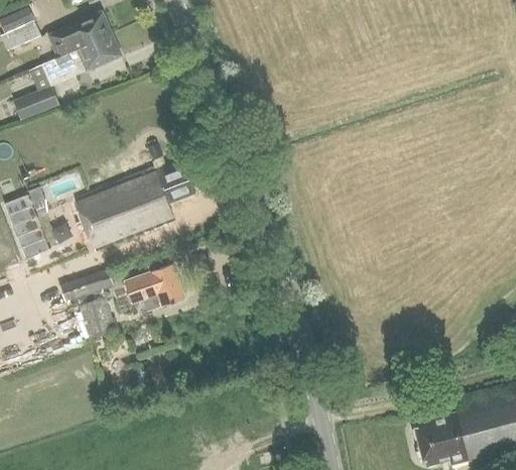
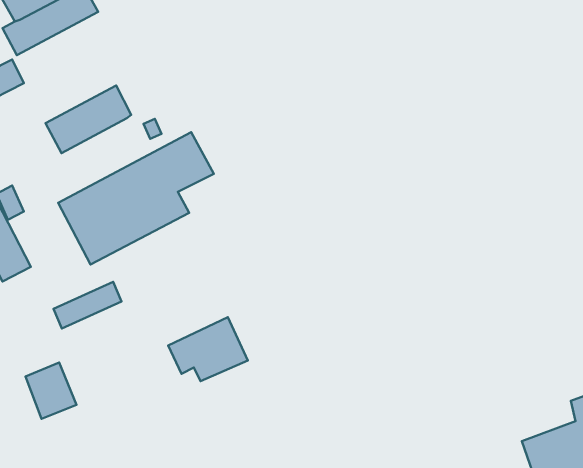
building: none -> [45,86,131,153]
building: [123,264,183,312] -> [168,317,248,381]
building: [79,295,116,337] -> [25,363,76,419]

